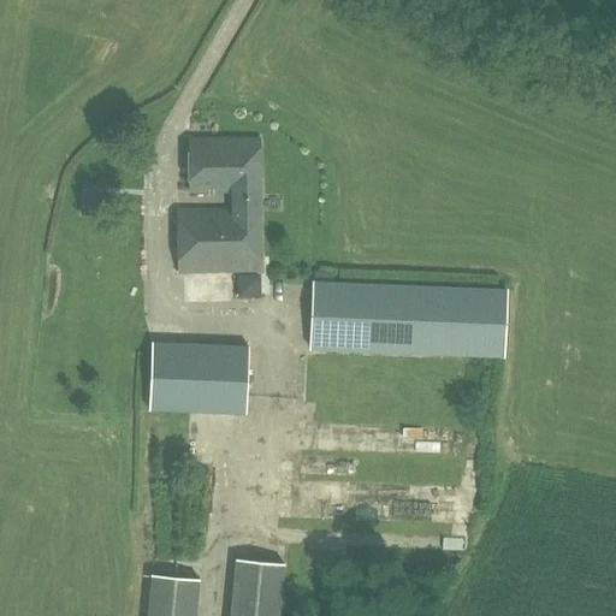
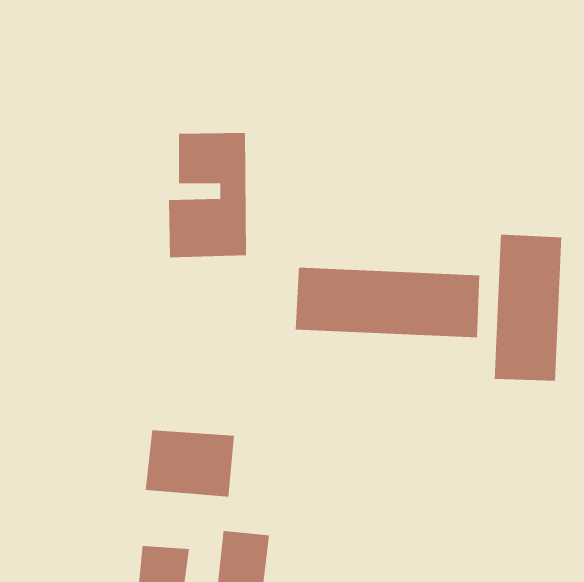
building: none -> [494,234,562,382]
building: [155,338,250,409] -> [145,430,235,497]

